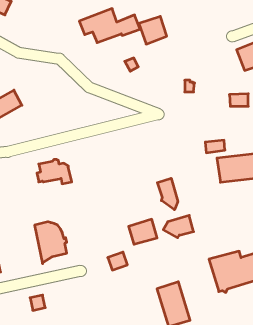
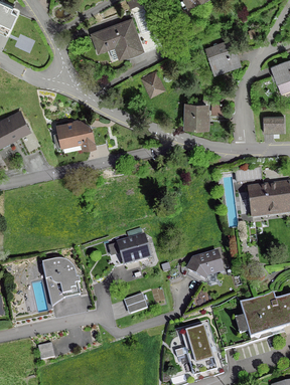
building: [139,16,167,44] -> [206,39,238,70]
building: none -> [186,103,207,123]
building: [37,160,72,184] -> [54,119,94,146]
building: [157,178,178,210] -> none
building: [129,219,157,244] -> [117,234,149,262]

